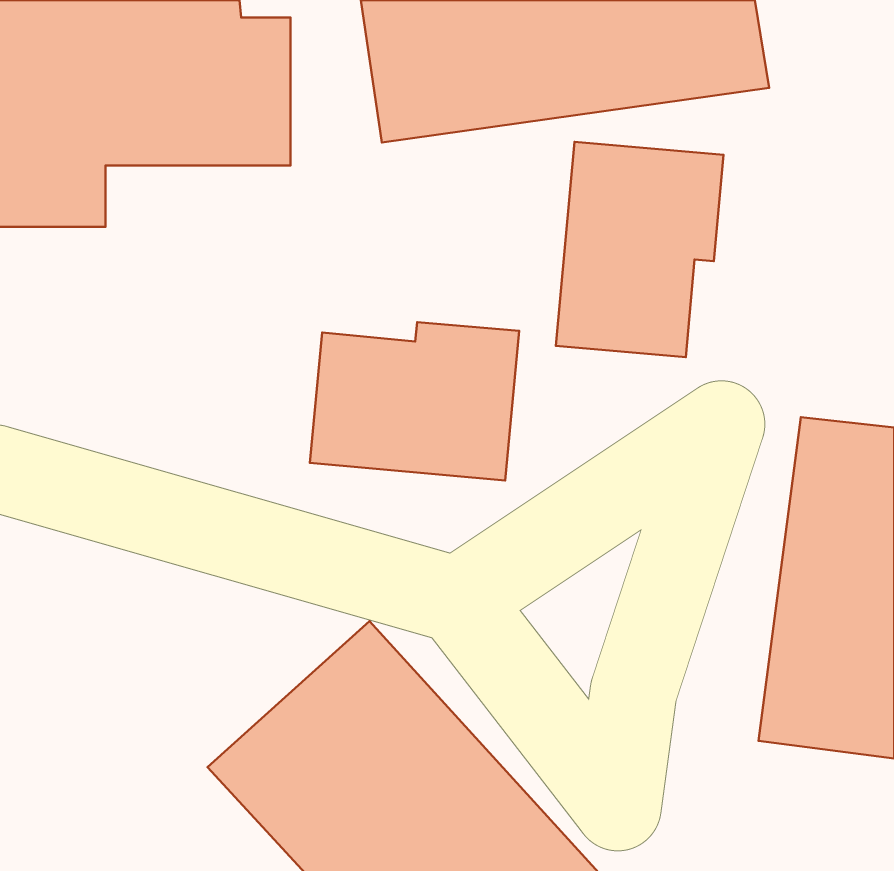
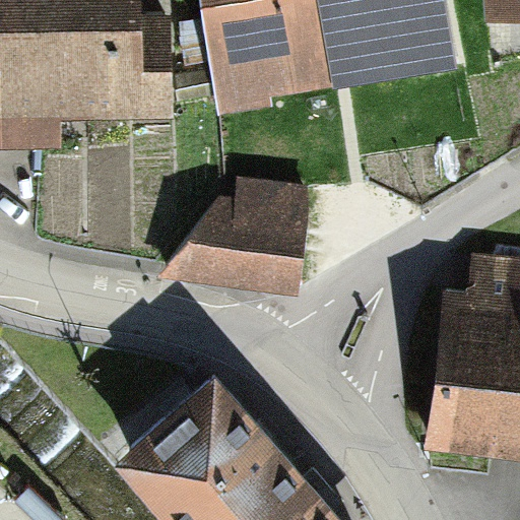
building: [556,142,724,357] -> none

